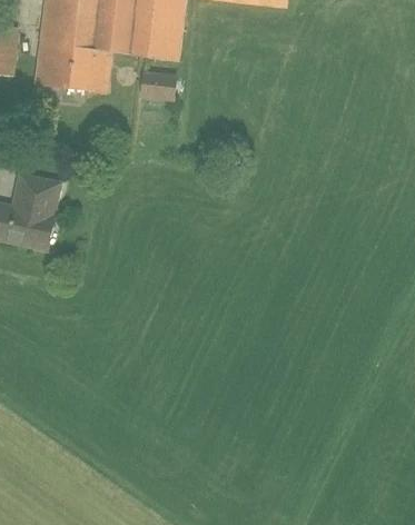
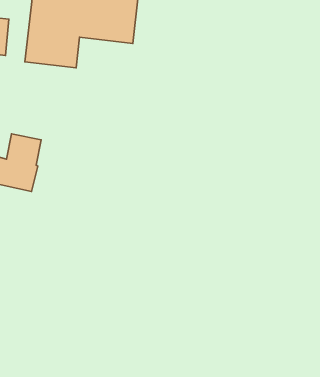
building: [138,69,177,101] -> none

